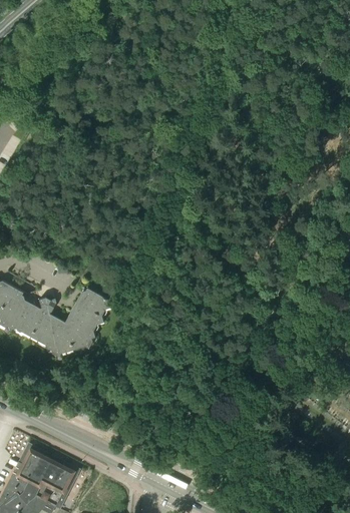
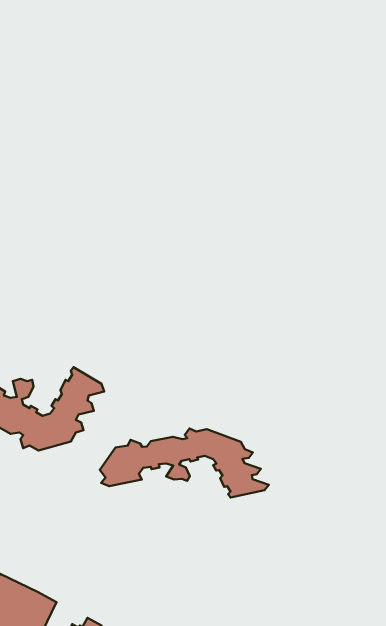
building: none -> [100,428,269,498]

